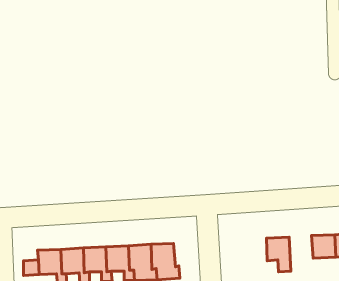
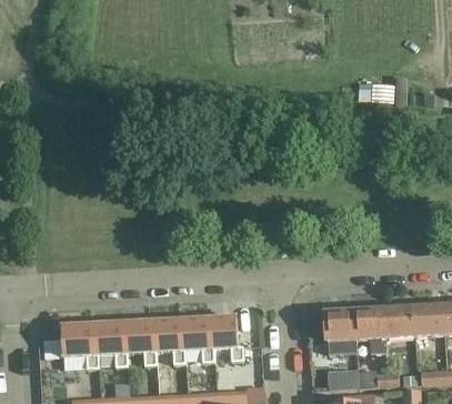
building: none -> [383,306,414,352]
building: none -> [324,310,356,354]

